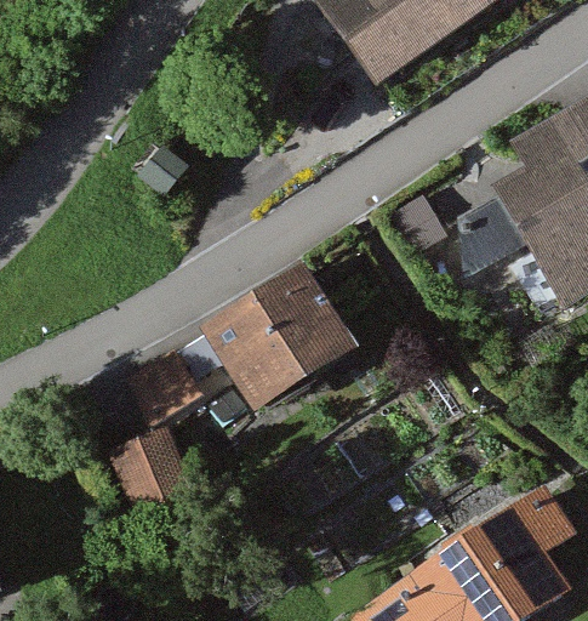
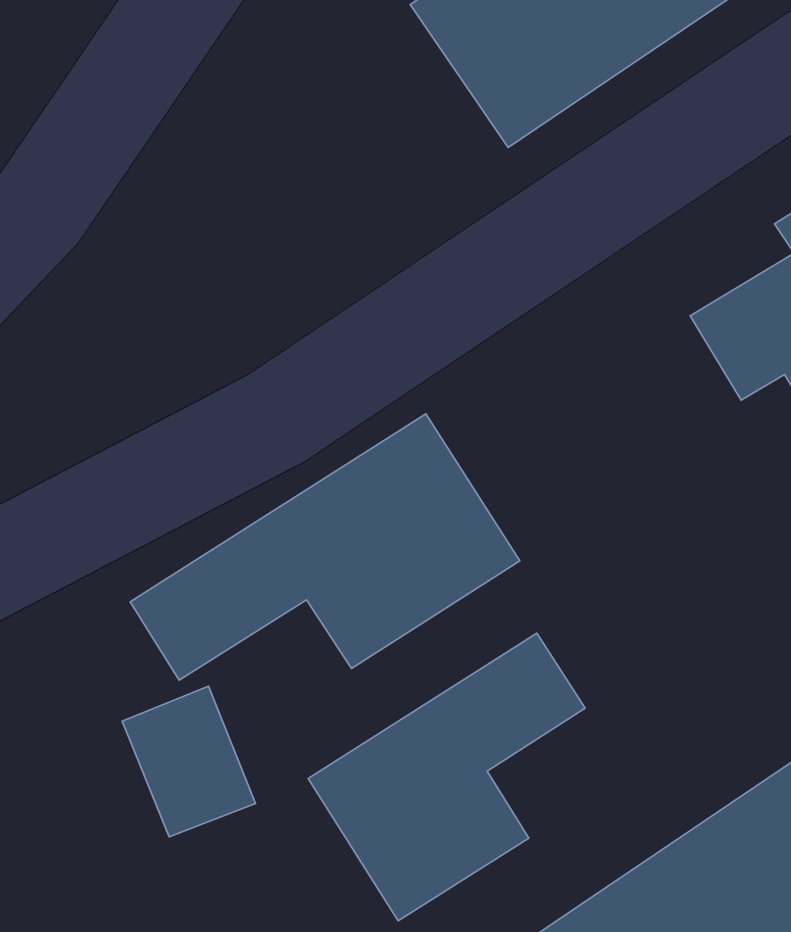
building: none -> [308,633,585,921]

